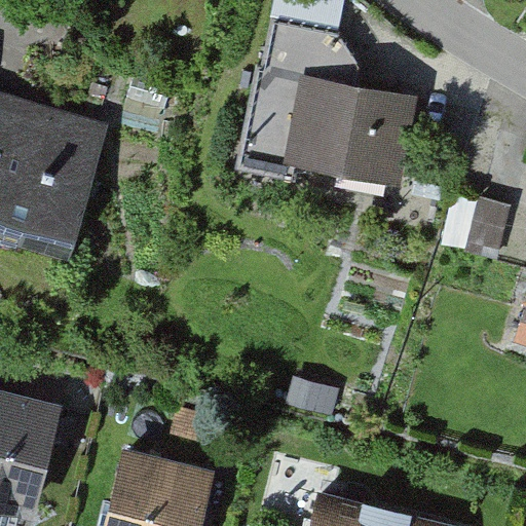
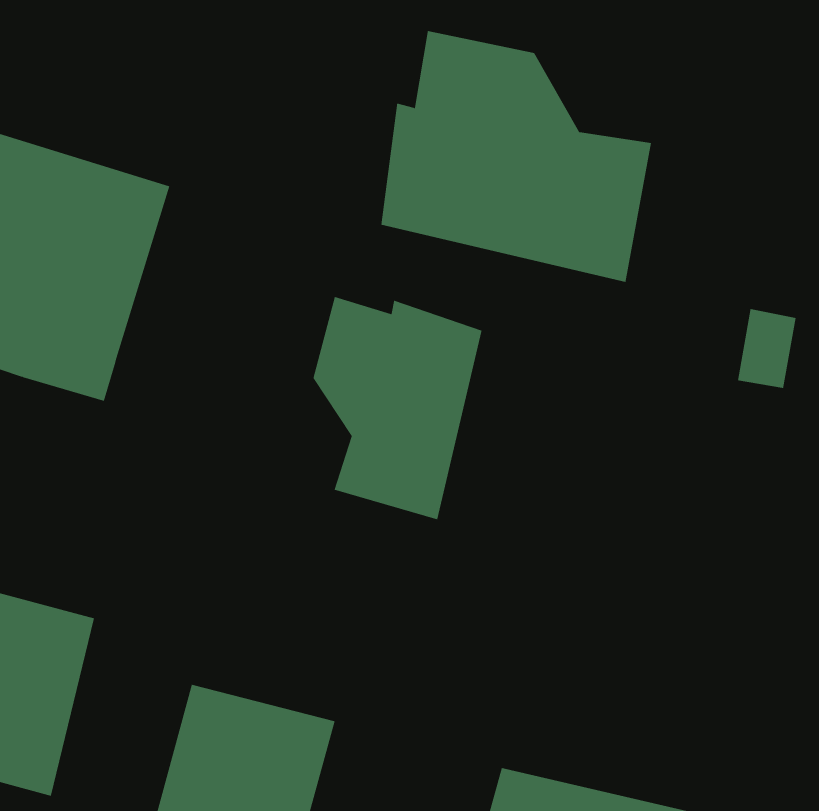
building: none -> [313,296,482,520]

